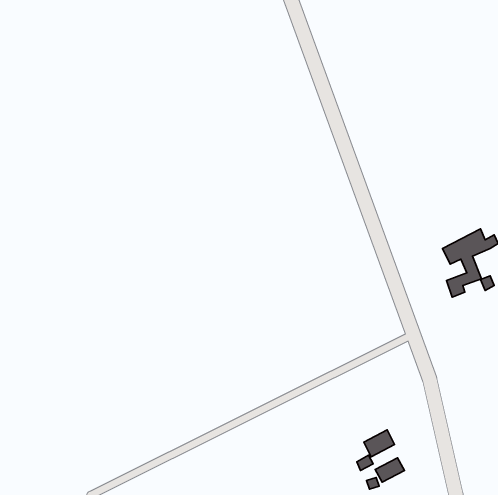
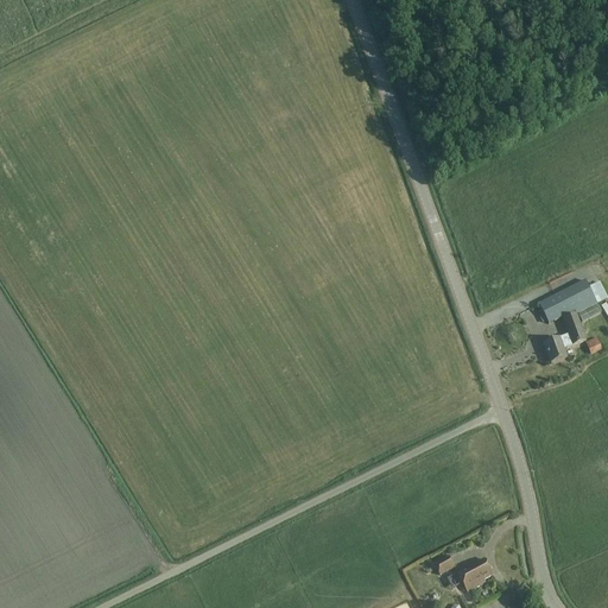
building: [364,430,394,457] -> none

